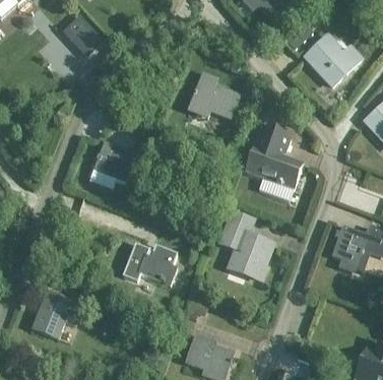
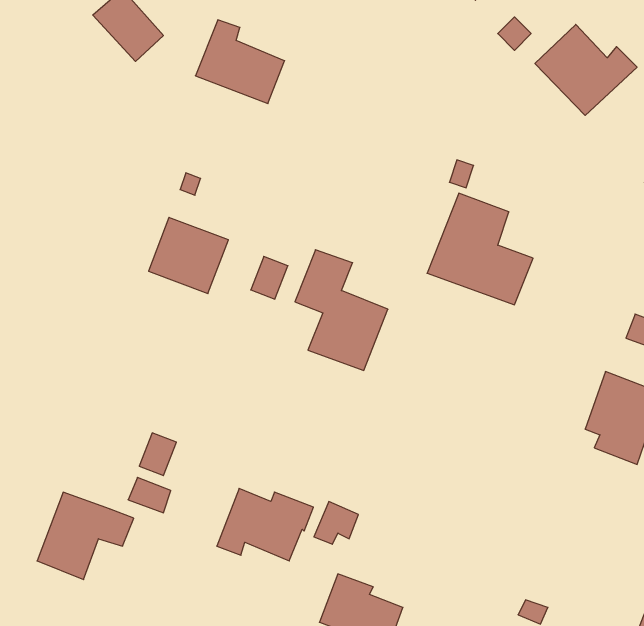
building: [190,72,239,118] -> [195,20,285,104]
building: [220,212,271,278] -> [295,250,388,370]
building: [123,243,176,282] -> [217,488,313,561]

